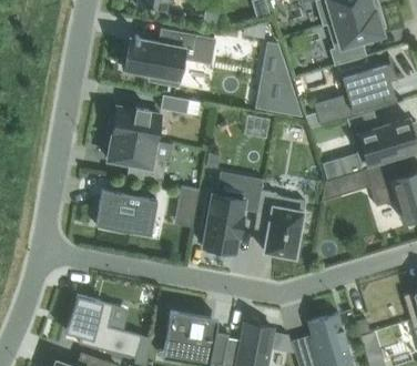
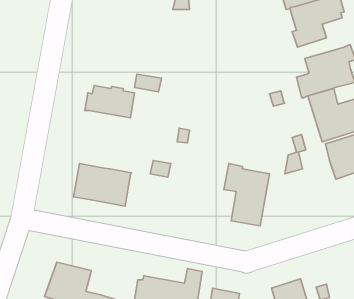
building: [122,32,214,87] -> none
building: [255,42,302,118] -> none
building: [108,134,172,182] -> none
building: [201,177,264,255] -> none

